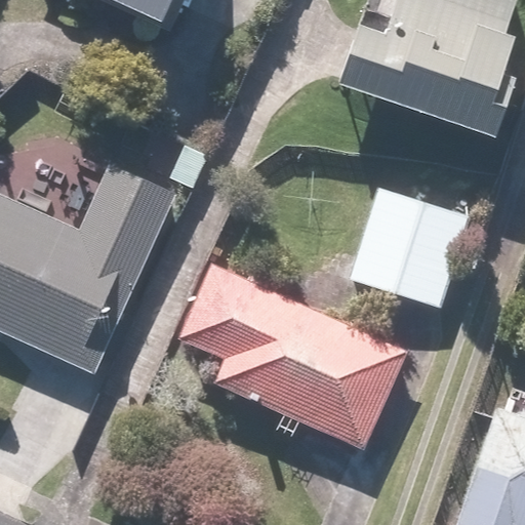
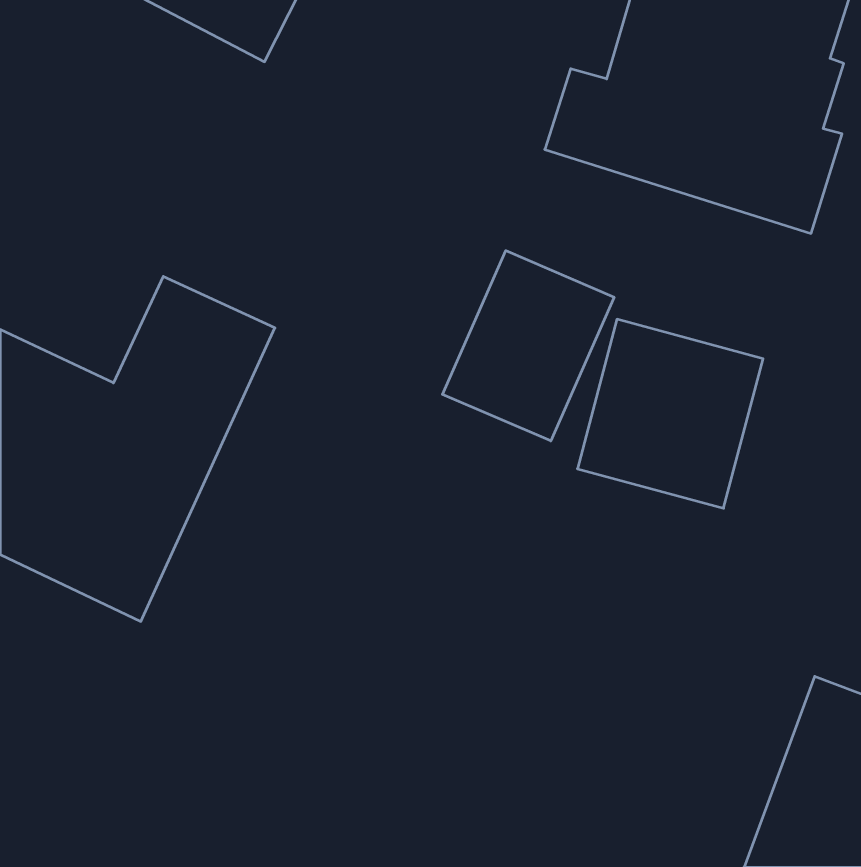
building: none -> [442,251,614,441]
building: [175,264,404,446] -> none

